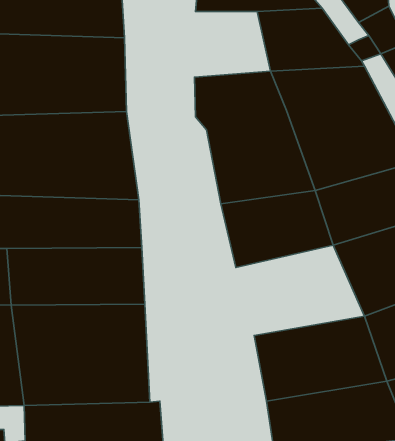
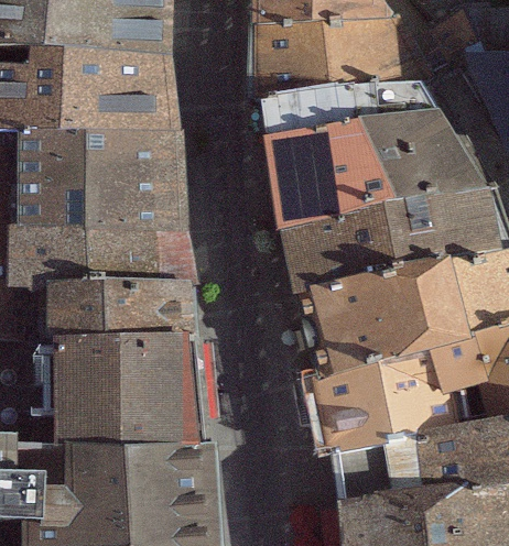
building: none -> [252,24,335,96]
building: none -> [297,279,437,376]

